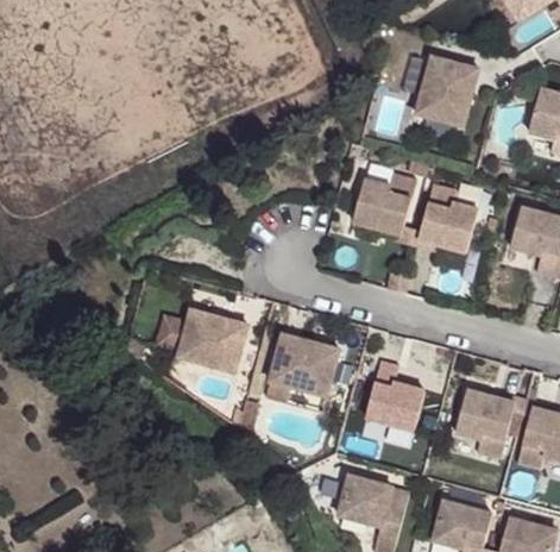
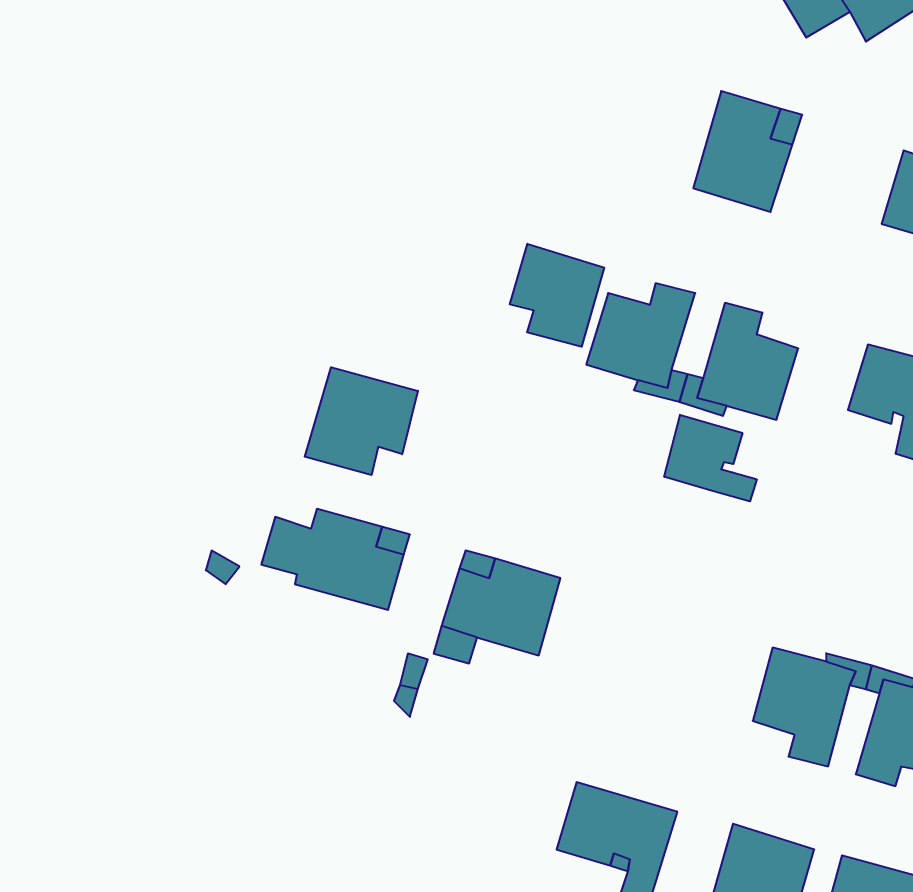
building: none -> [510,244,604,347]
building: none -> [305,367,418,475]
building: none -> [664,415,757,501]
building: [365,360,424,432] -> none

